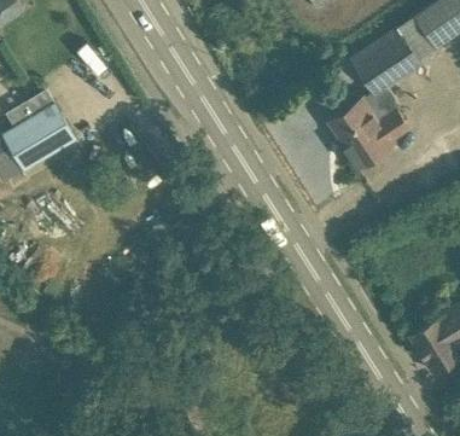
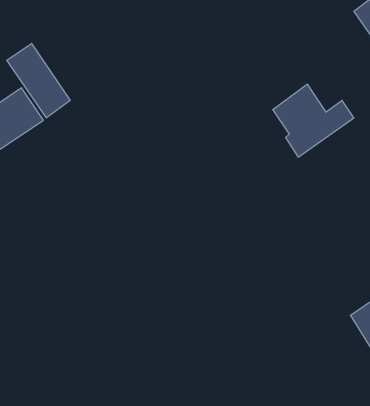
building: [349,28,420,95] -> none
building: none -> [7,43,70,118]

